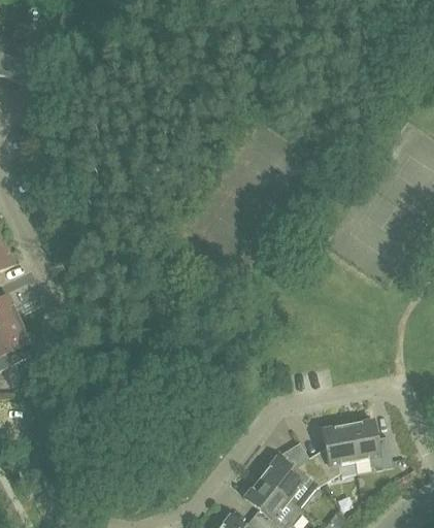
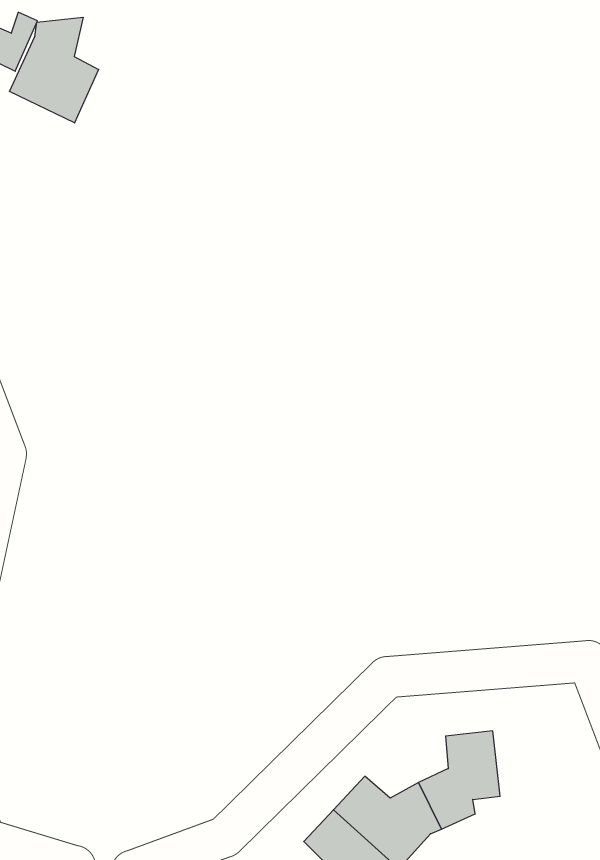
building: none -> [9,17,99,123]
building: [346,419,392,468] -> none

